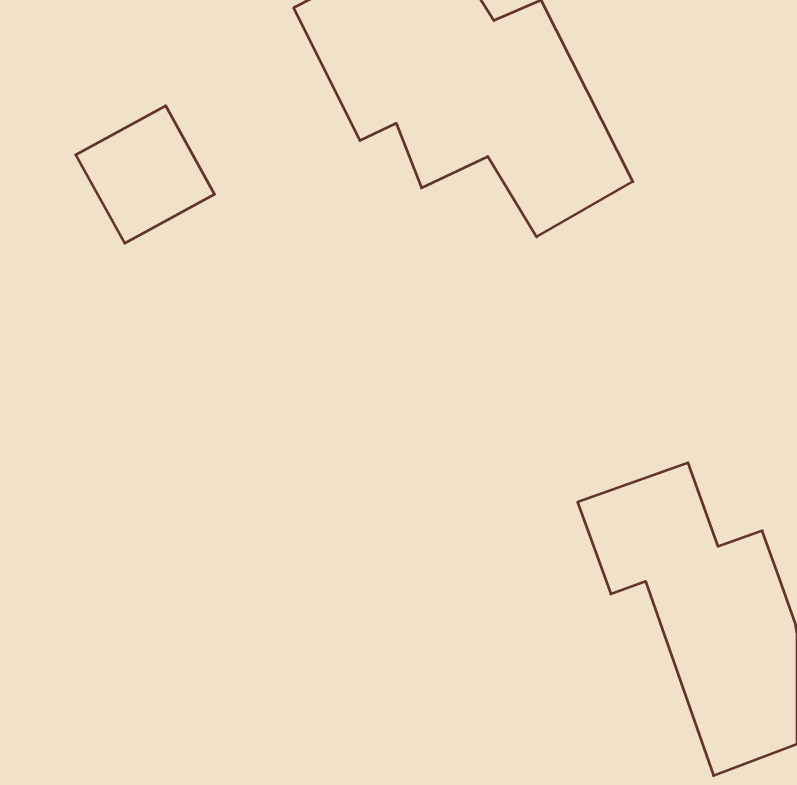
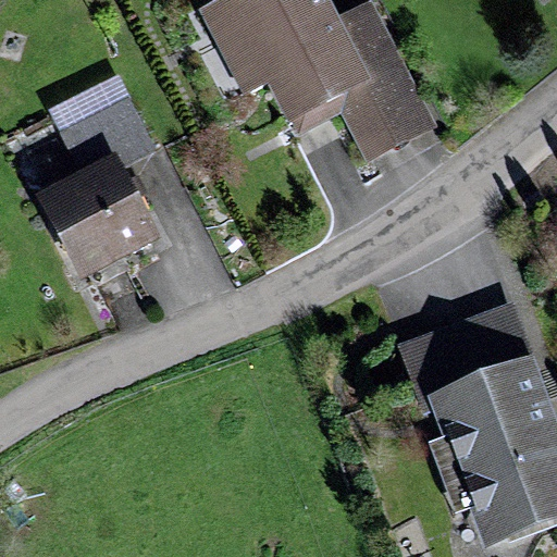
building: none -> [45,159,161,282]

